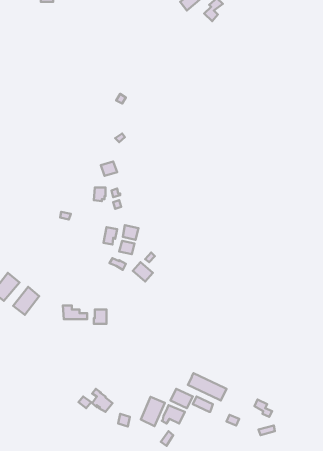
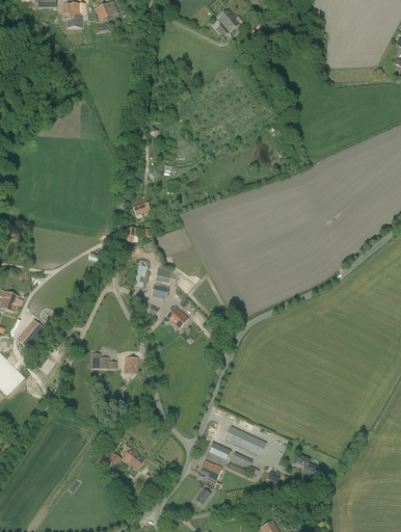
building: [13,287,39,315] -> none
building: [141,397,165,426] -> none

